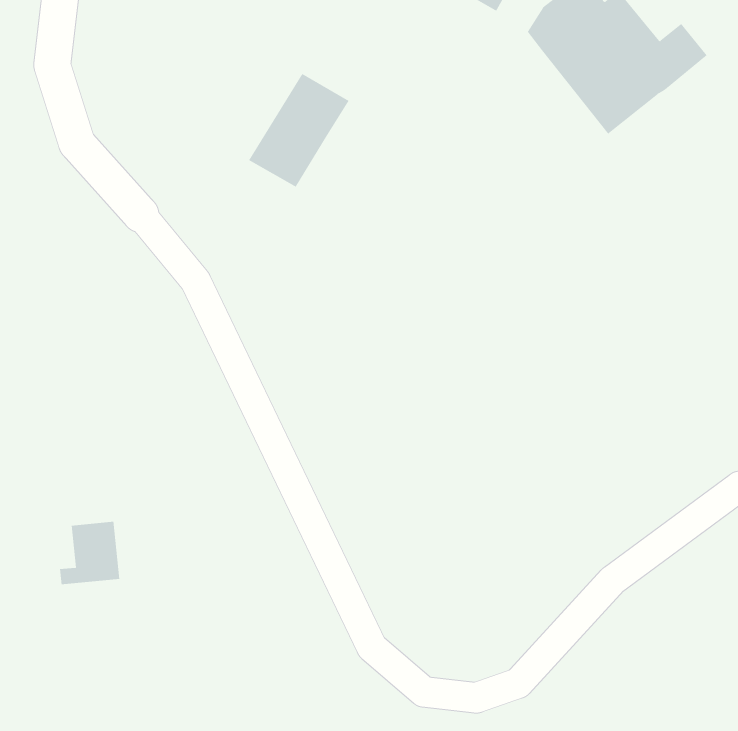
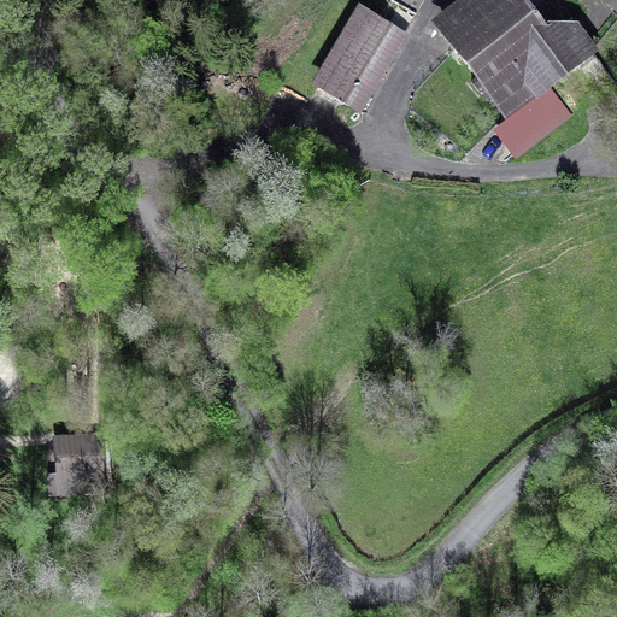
building: [248,73,350,188] -> [317,10,401,105]
building: none -> [494,78,571,149]

